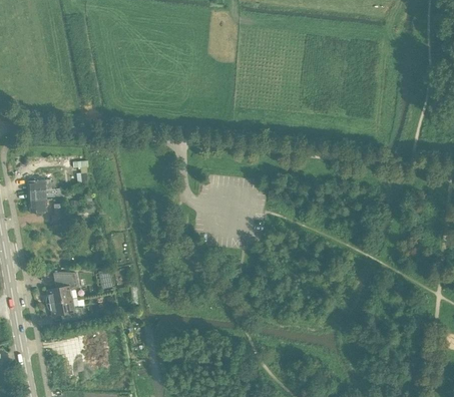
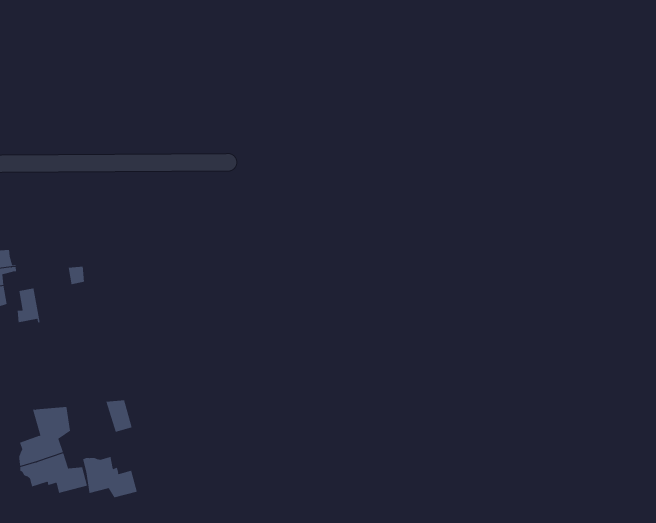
building: none -> [83,456,138,498]

